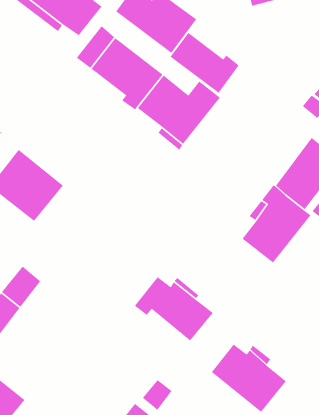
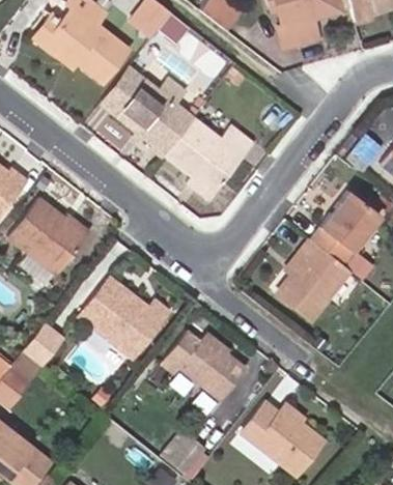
building: [169,32,239,94] -> none
building: none -> [80,274,169,354]

